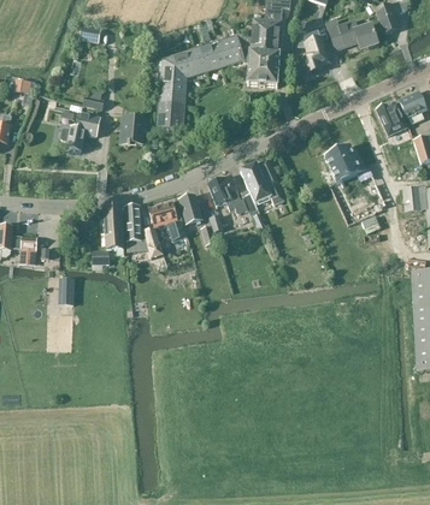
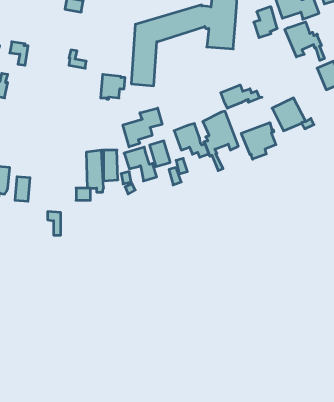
building: none -> [285,22,324,60]
building: [60,112,100,150] -> none
building: none -> [221,85,262,108]
building: none -> [123,108,162,147]
building: none -> [241,123,276,159]

